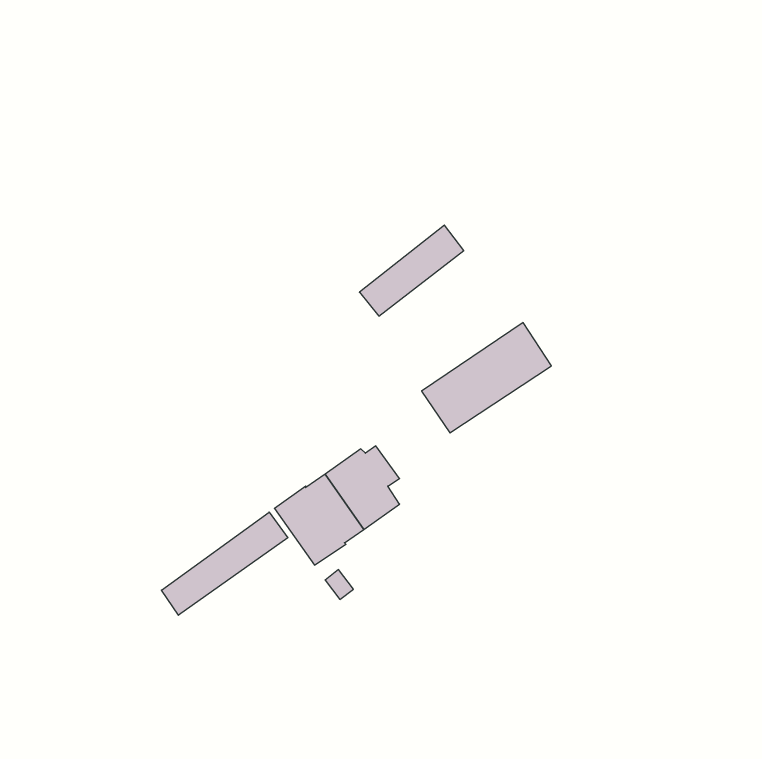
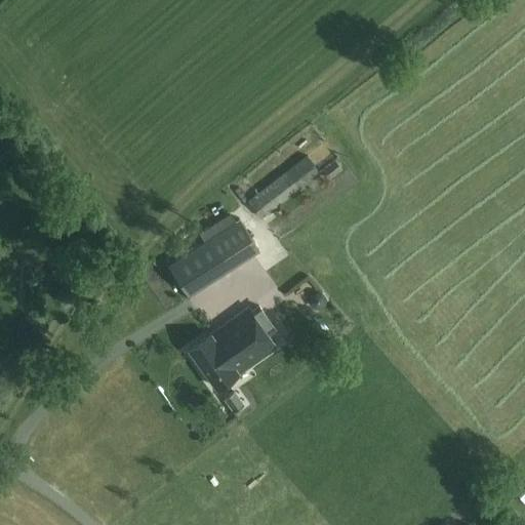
building: [422,323,551,433] -> [169,220,258,296]
building: [161,512,288,615] -> none

